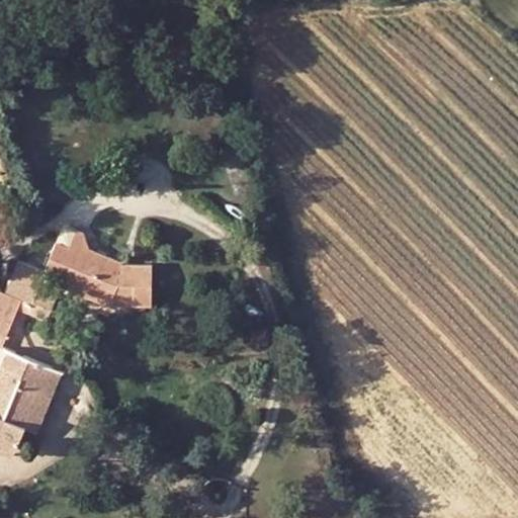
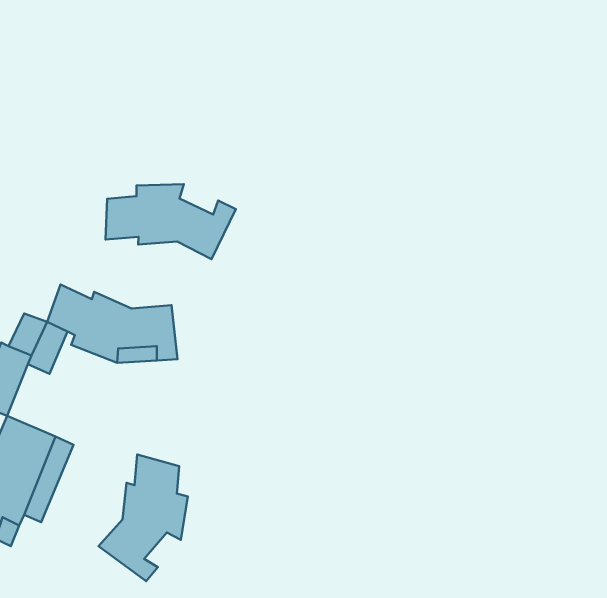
building: none -> [106,184,236,259]
building: none -> [98,454,188,581]

